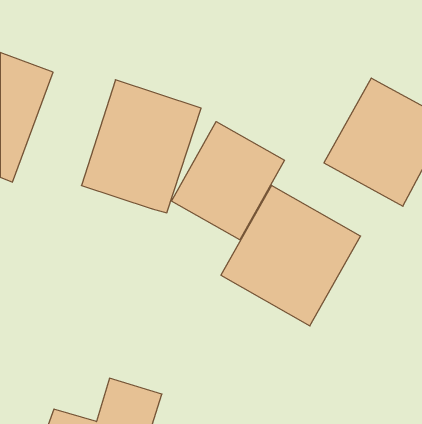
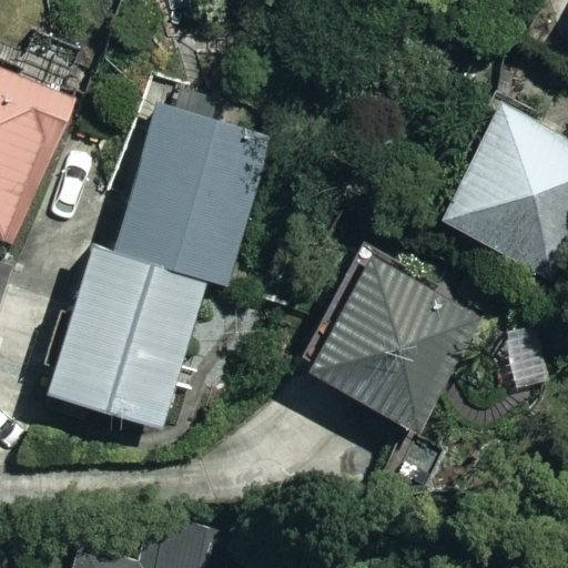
building: [171,122,284,240] -> none
building: none -> [44,242,206,429]

